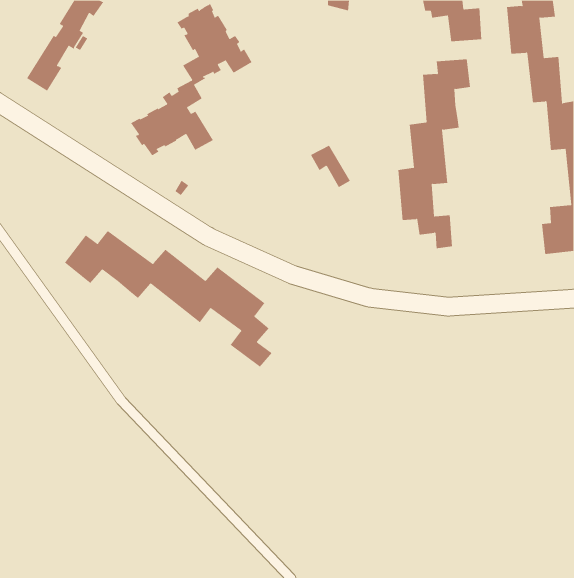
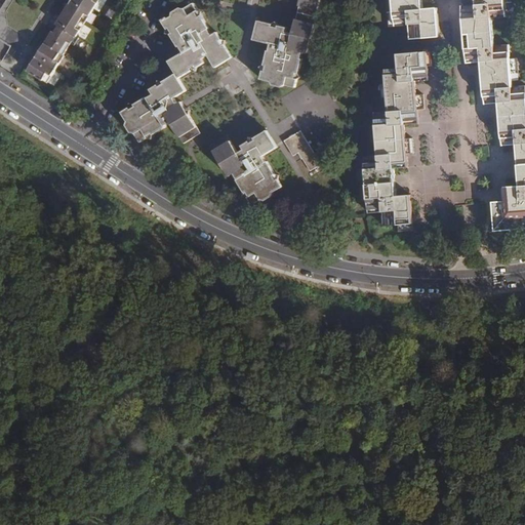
building: none -> [250,18,314,86]
building: none -> [206,130,280,204]
building: [64,230,273,367] -> none

